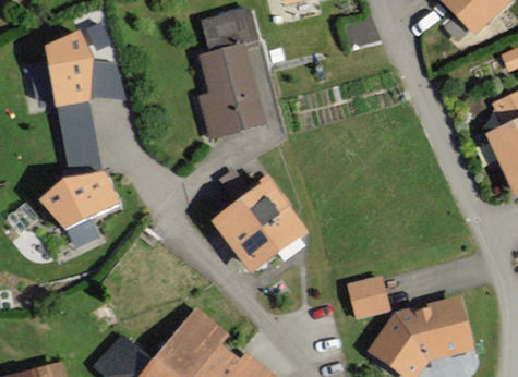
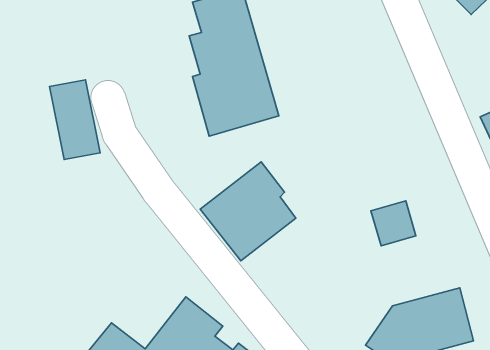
building: [50,26,133,104] -> none
building: [43,168,130,244] -> none
building: [346,278,389,321] -> [371,201,416,246]

